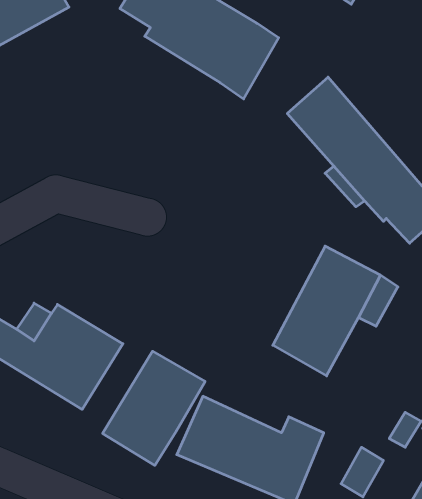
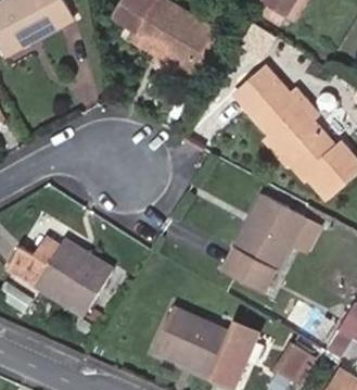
building: [103,351,205,465] -> none

